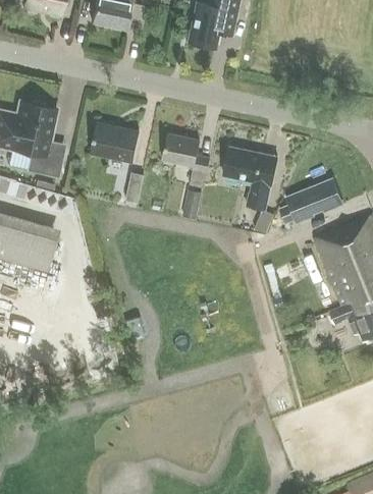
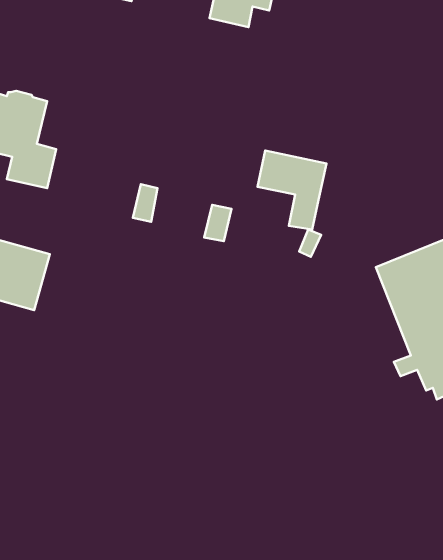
building: [89,122,138,162] -> none
building: [163,133,209,187] -> none
building: [277,177,343,224] -> none

